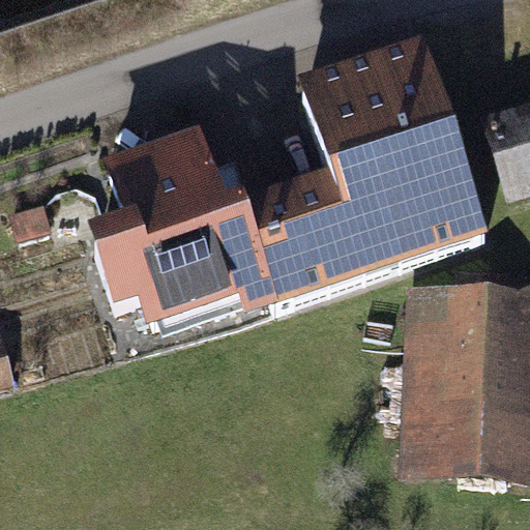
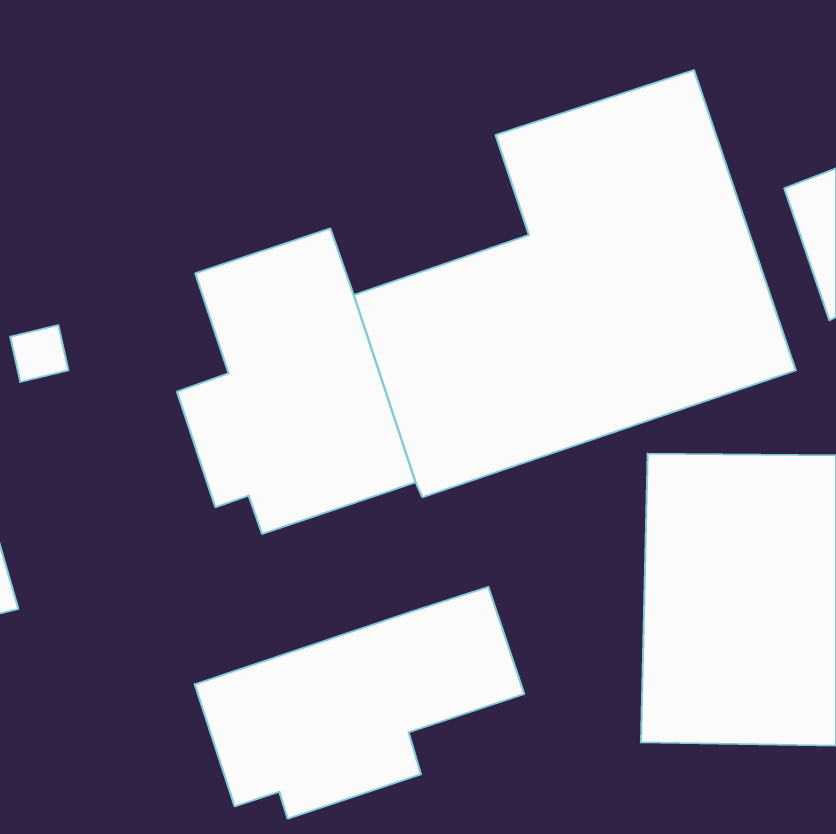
building: none -> [195,587,524,819]

